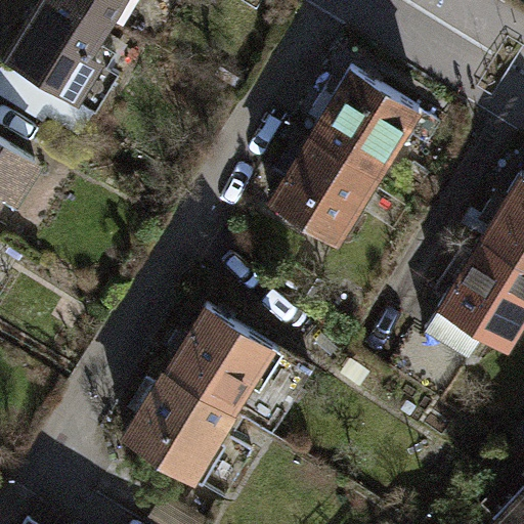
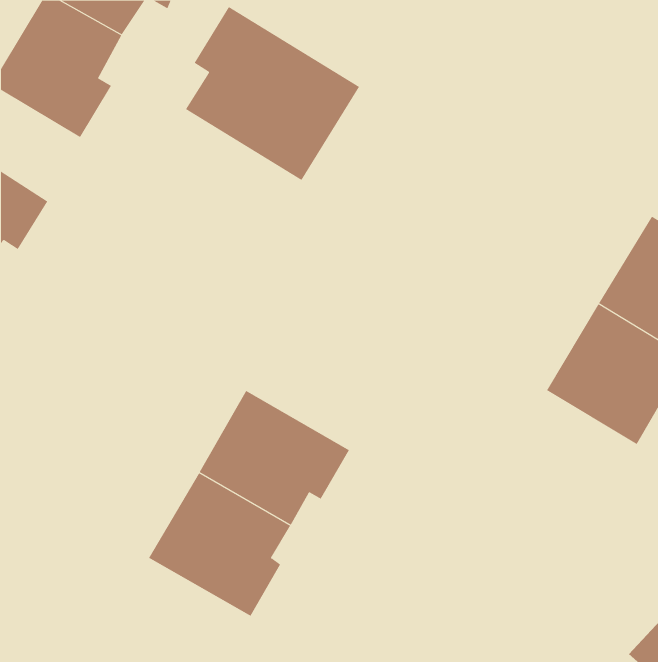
building: none -> [185,6,360,181]
building: [263,64,424,254] -> none

